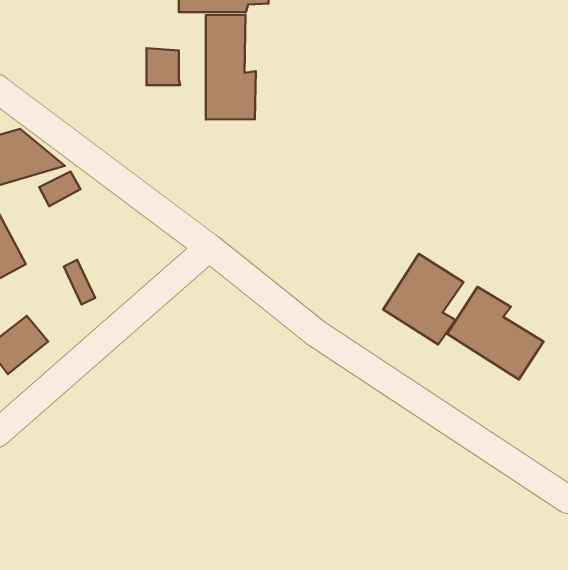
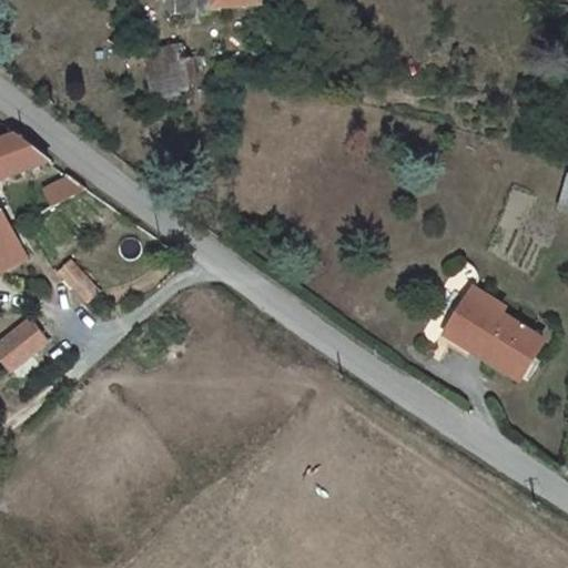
building: [206,15,256,119] -> none
building: [383,254,463,345] -> none

